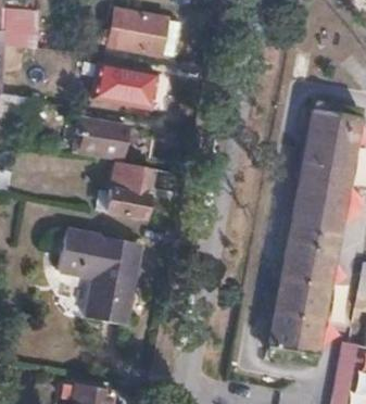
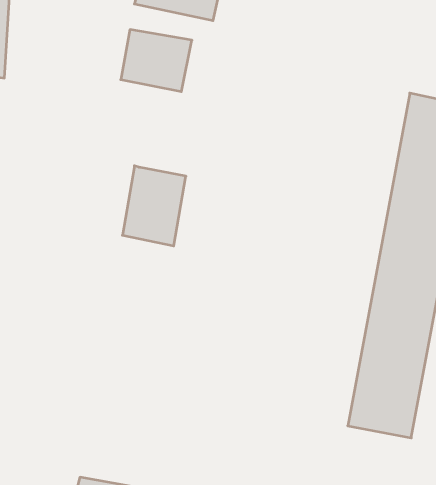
building: [79,121,125,162] -> none
building: [59,230,138,326] -> none

